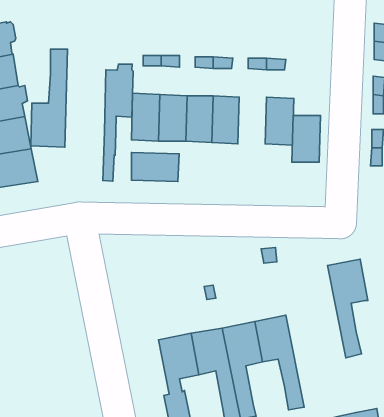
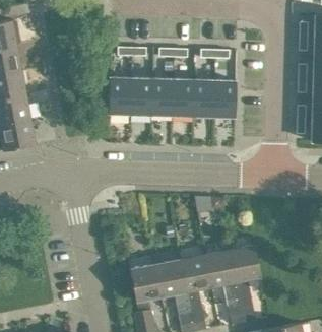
building: [31,49,67,147] -> none
building: [103,64,133,181] -> none
building: [292,116,321,162] -> [192,79,214,116]
building: [131,153,179,181] -> none
building: [328,259,368,358] -> [230,245,261,322]

